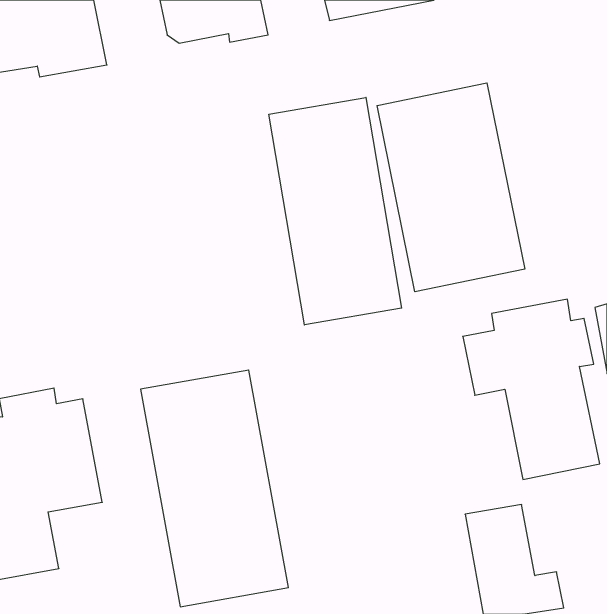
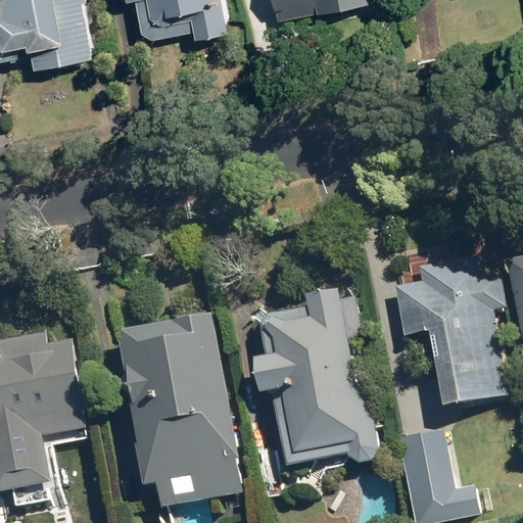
building: [377,83,525,292] -> none
building: [269,97,402,325] -> none
building: none -> [253,290,380,465]

